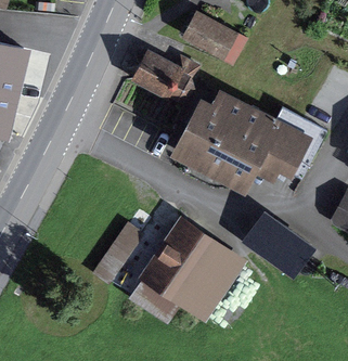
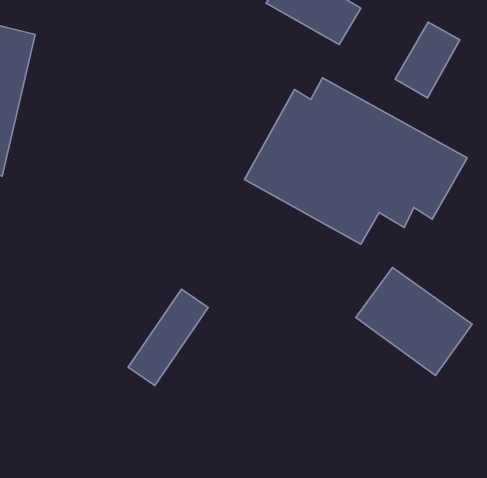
building: none -> [395,22,460,98]
building: [133,51,197,100] -> none
building: [128,214,248,323] -> none

